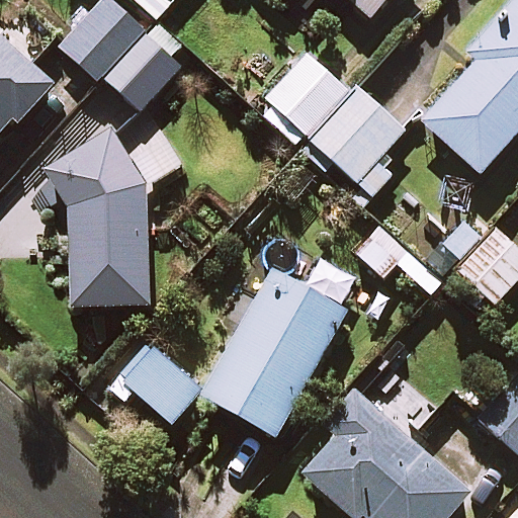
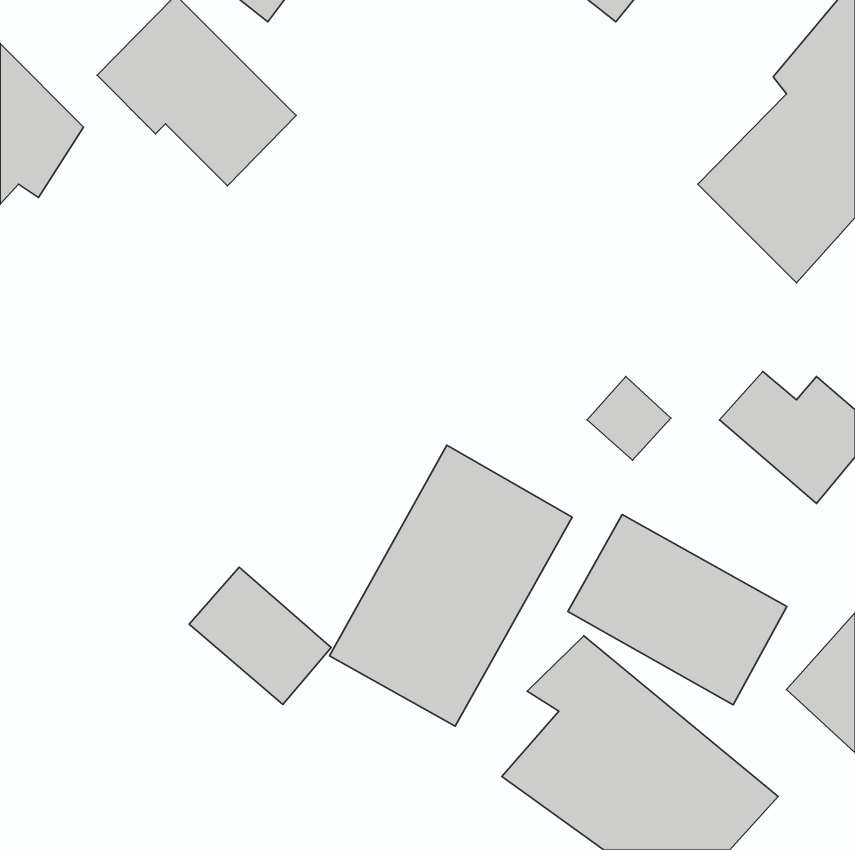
building: [263,56,403,197] -> none
building: [50,123,151,297] -> none
building: none -> [568,514,787,705]

